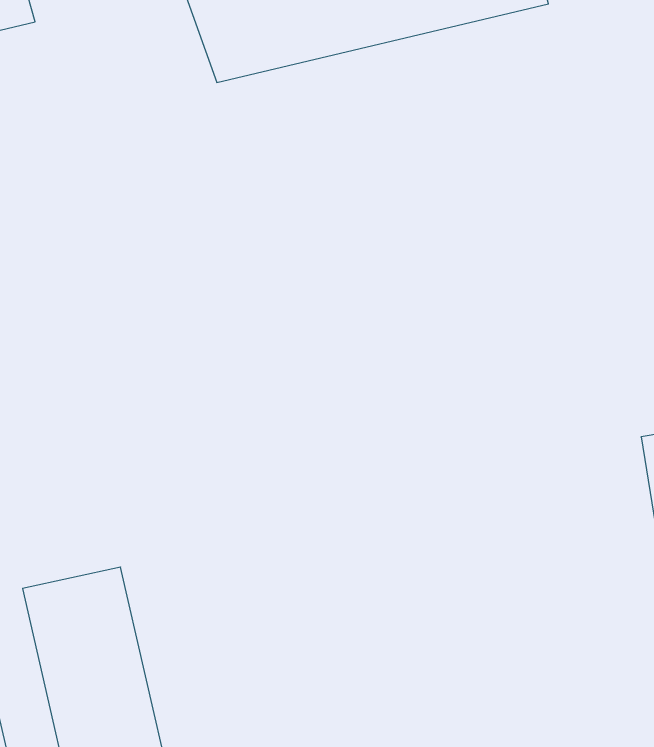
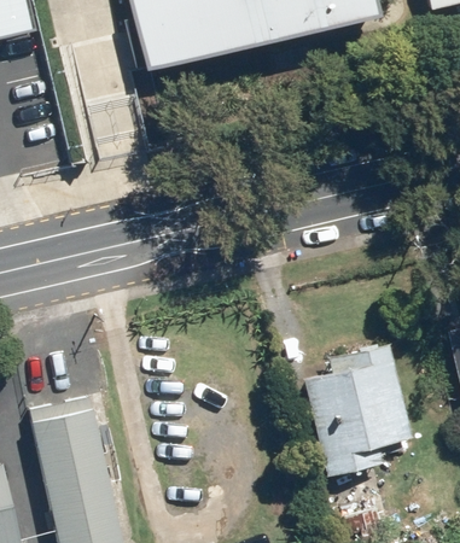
building: none -> [303,340,413,472]

